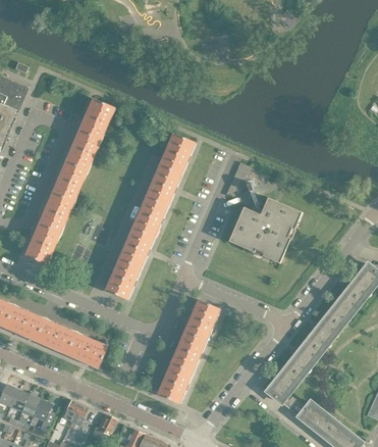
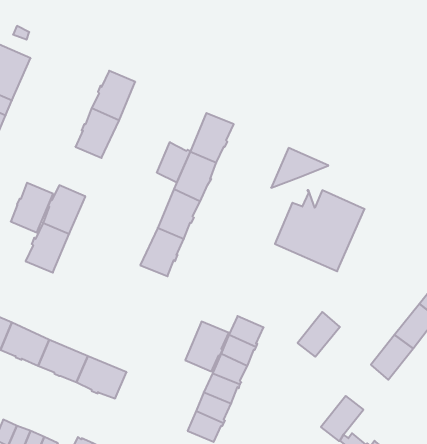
building: none -> [157,142,190,183]
building: [52,161,87,202] -> [11,183,53,233]
building: [105,258,141,299] -> [185,322,229,371]
building: [286,340,321,377] -> [298,312,340,357]

